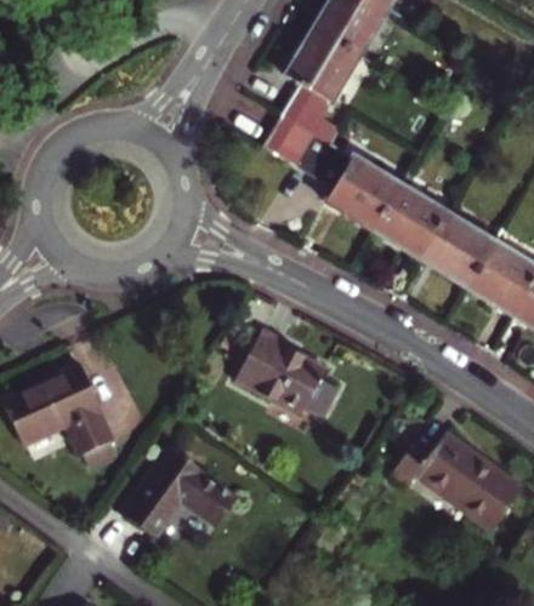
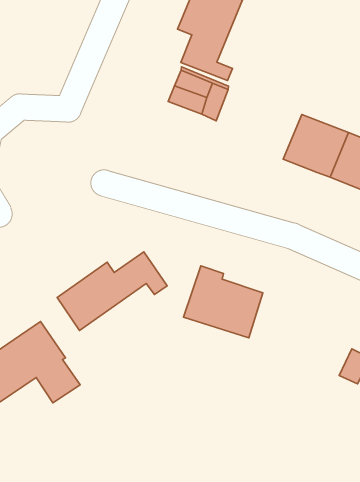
building: [328,158,403,231] -> none
building: none -> [57,252,167,330]
building: [132,451,243,538] -> none

